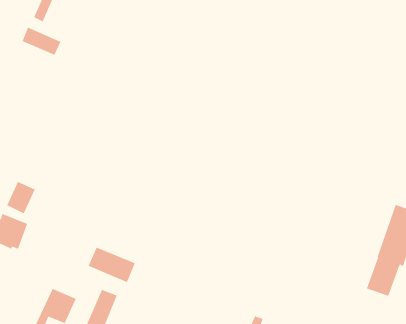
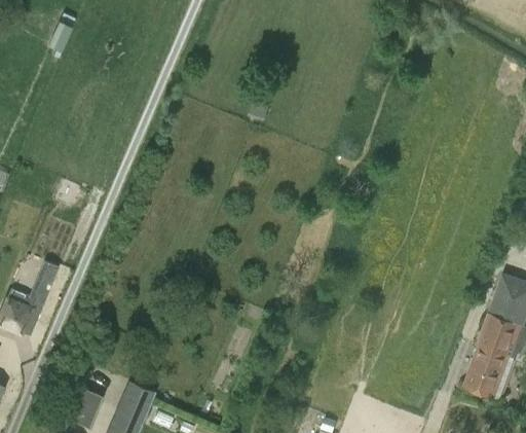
building: [22,27,61,56] -> none
building: [88,247,136,283] -> none

